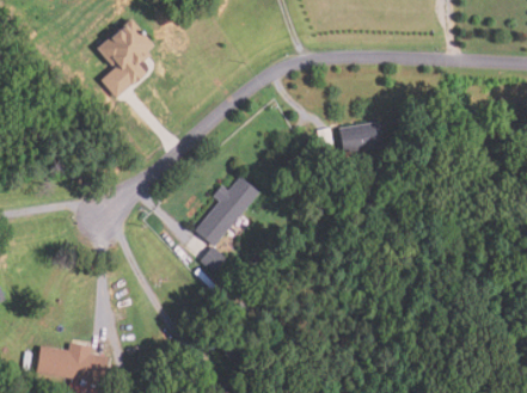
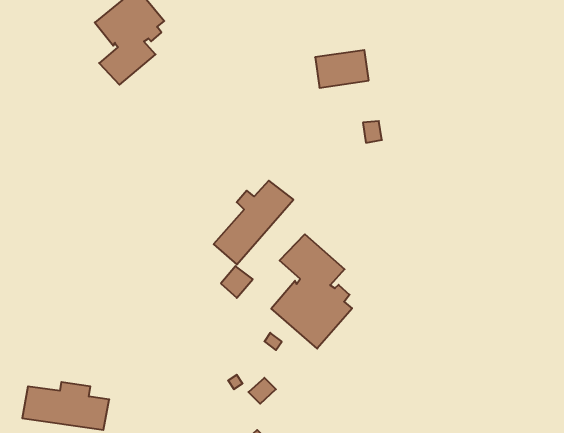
building: [339,121,384,152] -> [315,50,369,88]
building: none -> [271,234,352,349]

